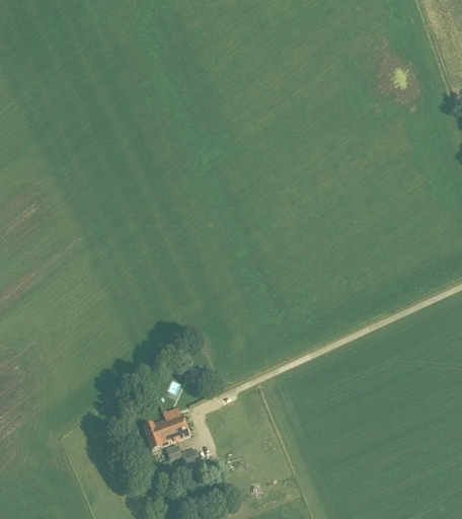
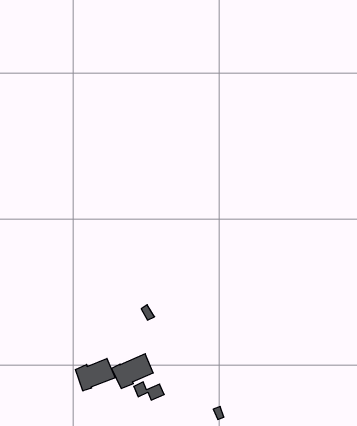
building: none -> [76,358,115,391]

